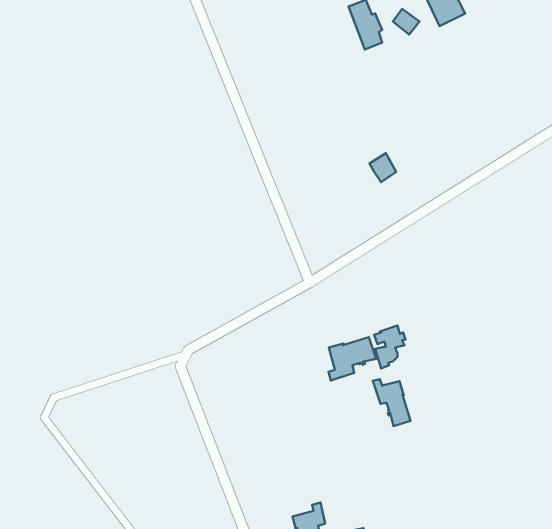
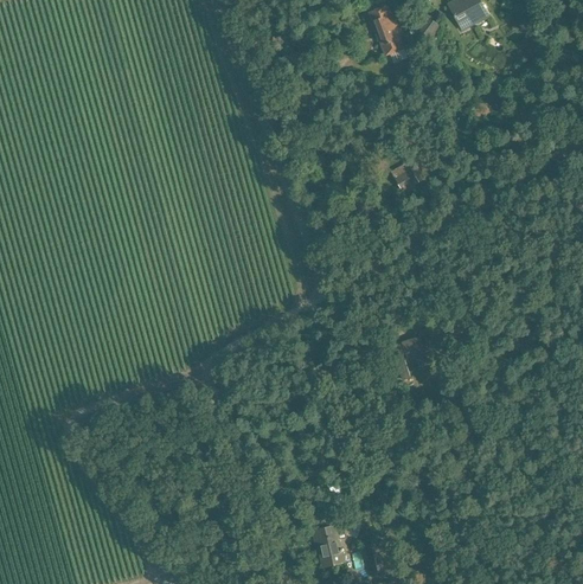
building: [329,337,376,381] -> none
building: [373,379,410,426] -> none

